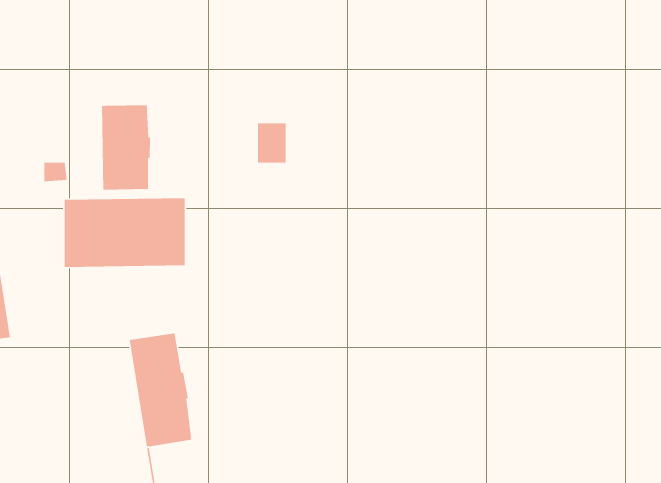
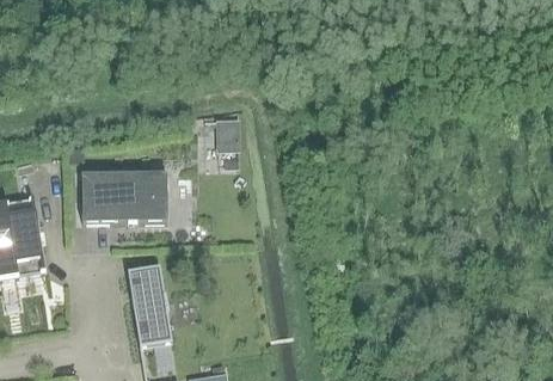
building: [101,105,151,190] -> none

